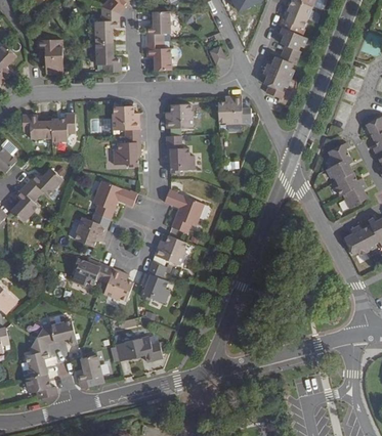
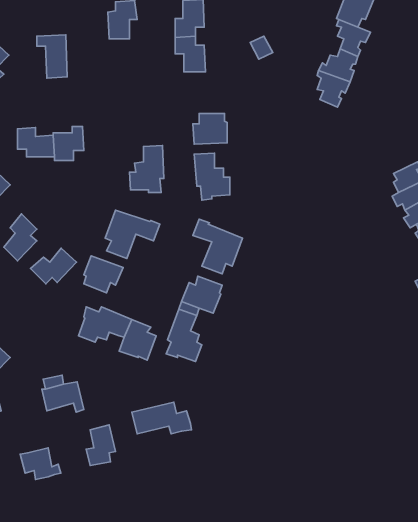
building: [95,43,120,72] -> none
building: [216,94,240,123] -> none
building: [110,105,138,130] -> none
building: [25,168,61,197] -> [31,248,76,284]
building: [25,343,49,377] -> none

